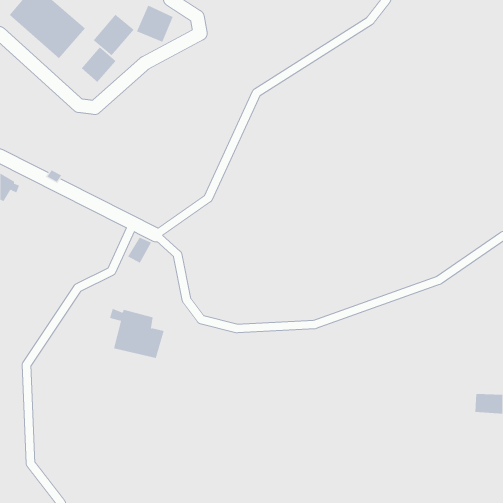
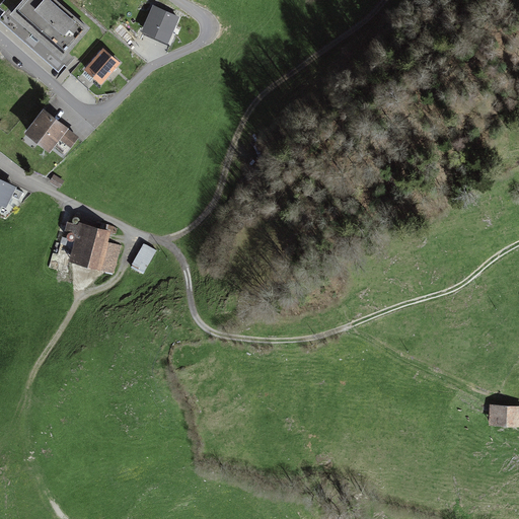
building: [93,14,134,56] -> none
building: none -> [23,109,78,153]
building: [109,308,165,359] -> [64,221,121,273]

